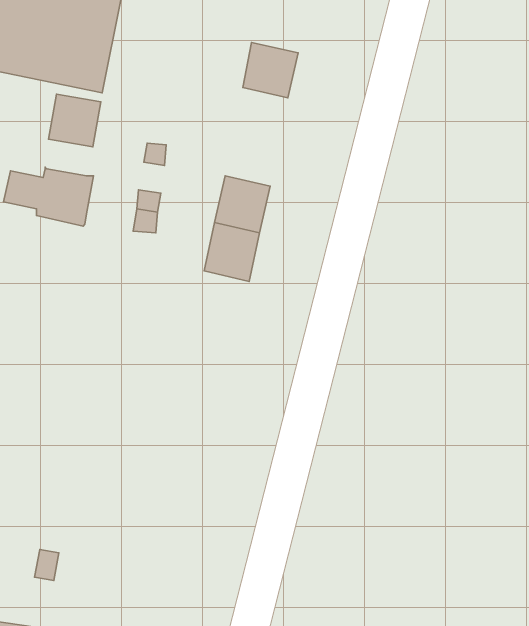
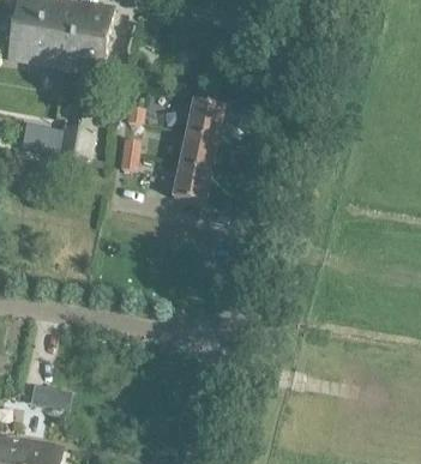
building: [243,42,298,98] -> [185,98,223,137]
building: [48,94,101,147] -> none

